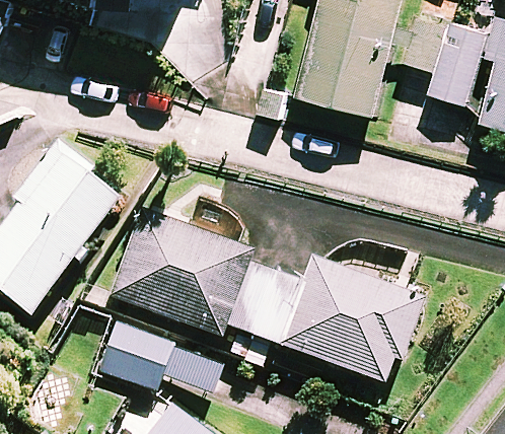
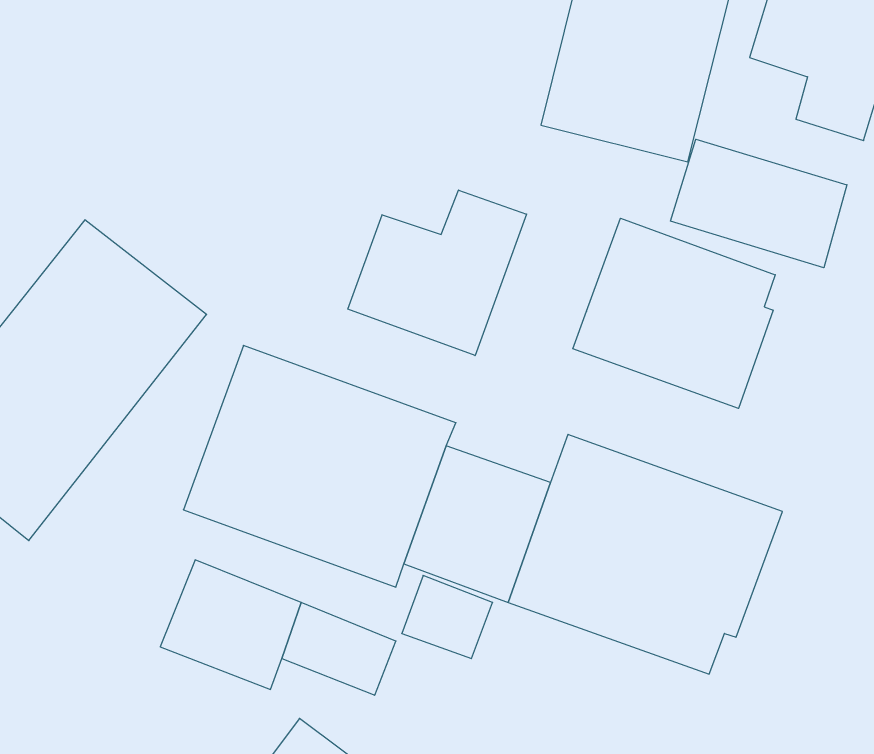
building: none -> [670,139,847,268]
building: none -> [348,190,527,356]
building: none -> [573,218,775,408]

